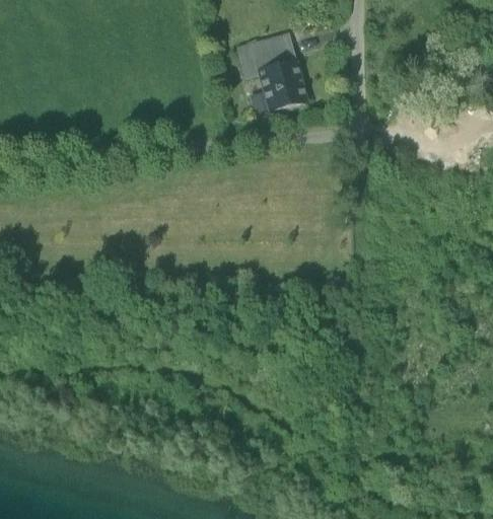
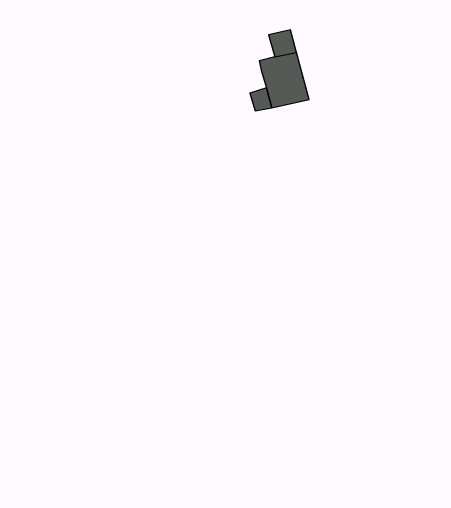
building: [240,39,275,77] -> none

